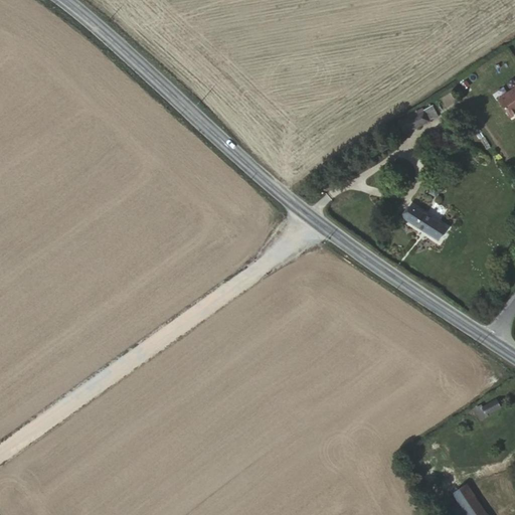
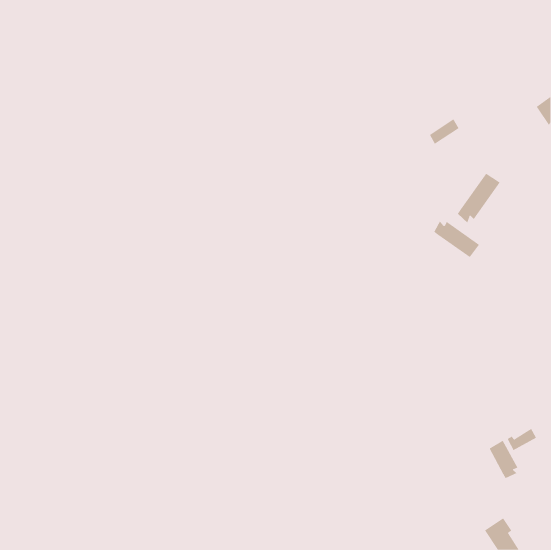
building: none -> [457,173,500,224]
building: none -> [489,440,518,479]

